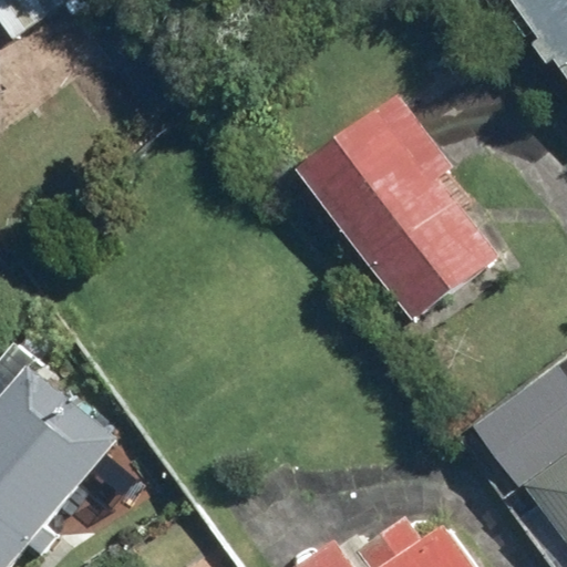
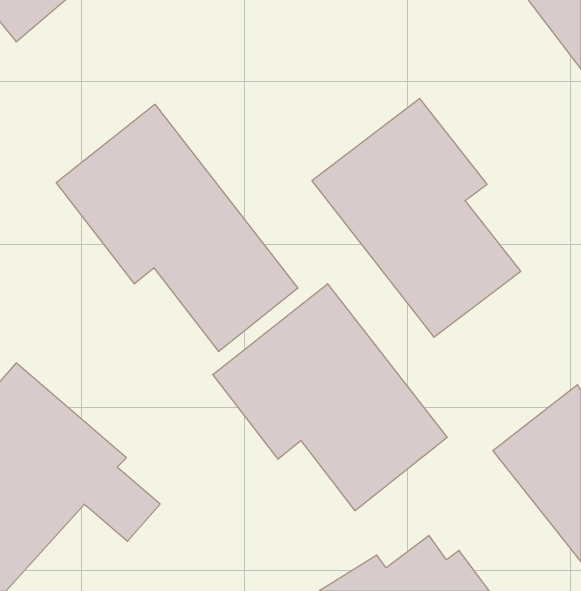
building: none -> [56,104,298,351]
building: none -> [213,284,447,511]

